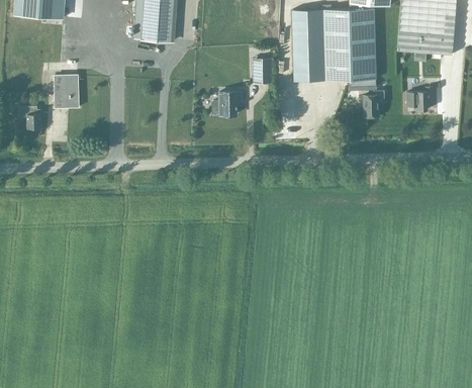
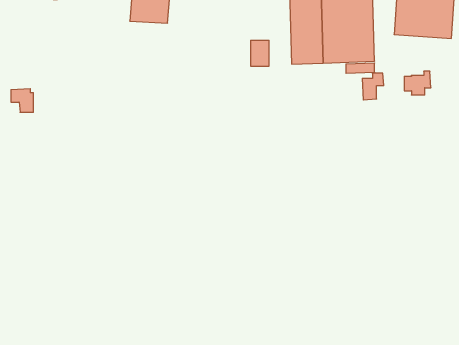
building: [55,74,80,107] -> none
building: [212,91,242,115] -> none

